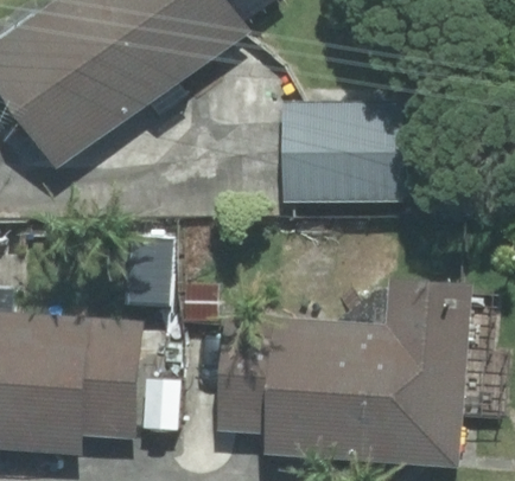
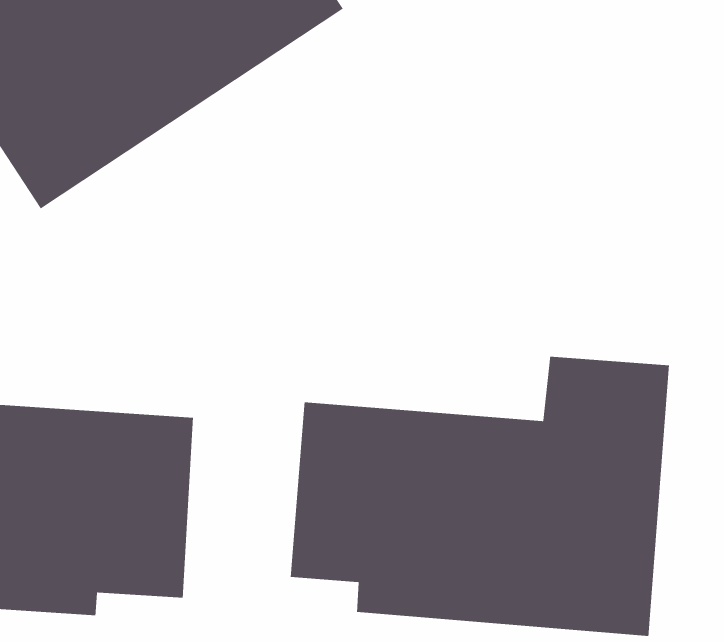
building: [281,94,459,205] -> none

